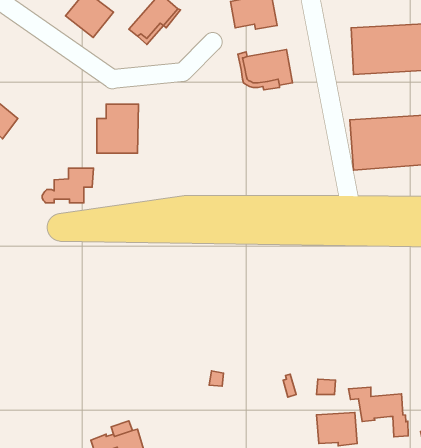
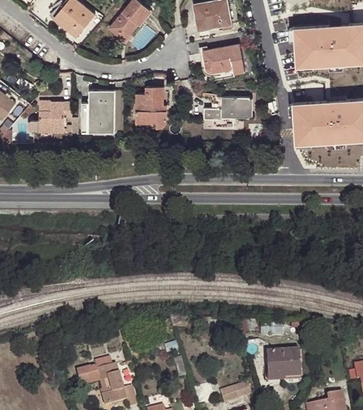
building: none -> [137,87,167,128]
building: none -> [203,97,249,127]
building: [42,168,93,203] -> [29,102,72,131]
building: [348,387,408,437] -> none

